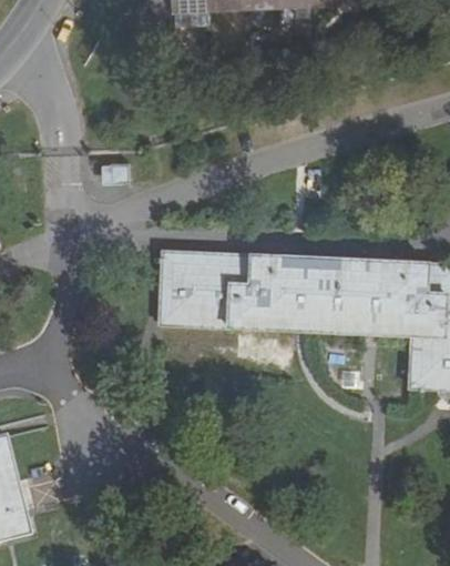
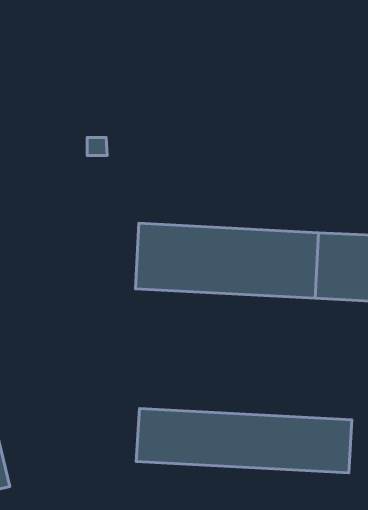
building: none -> [136,409,352,473]

